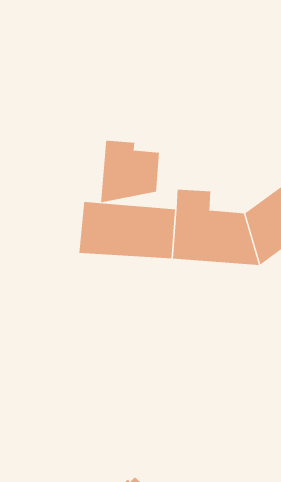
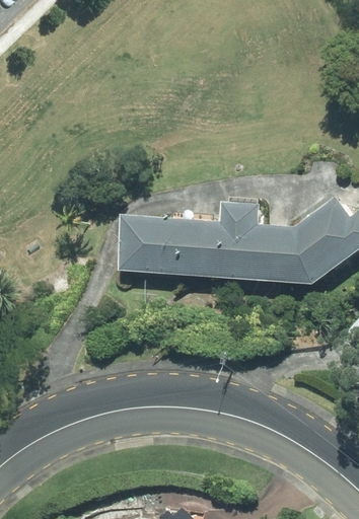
building: [101,140,159,203] -> none

